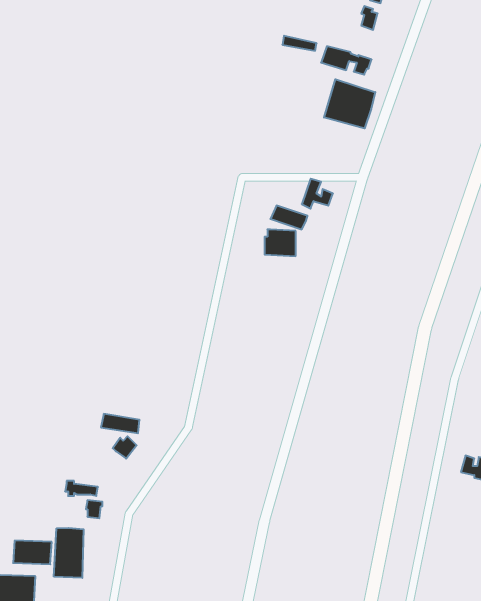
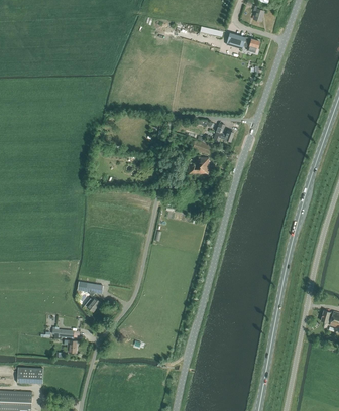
building: [324,79,375,128] -> none
building: [54,528,84,578] -> none

